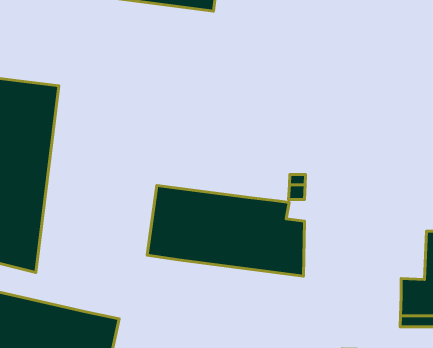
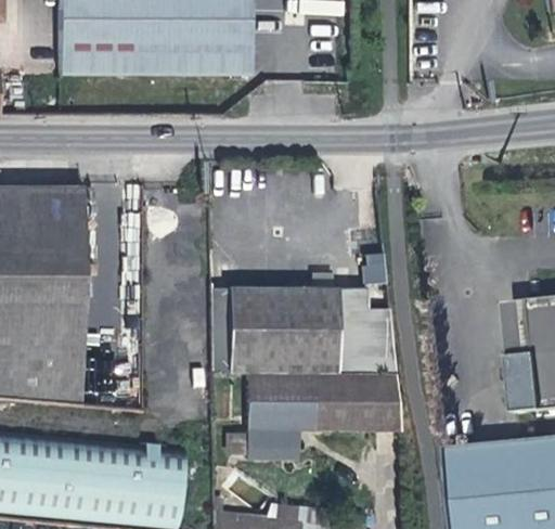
building: none -> [246,370,399,459]

